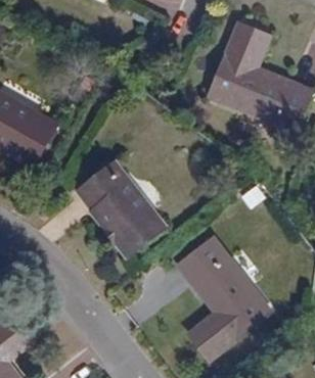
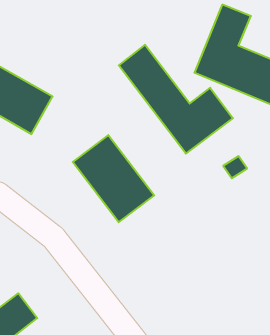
building: none -> [119,45,233,154]
building: [183,243,271,360] -> none

